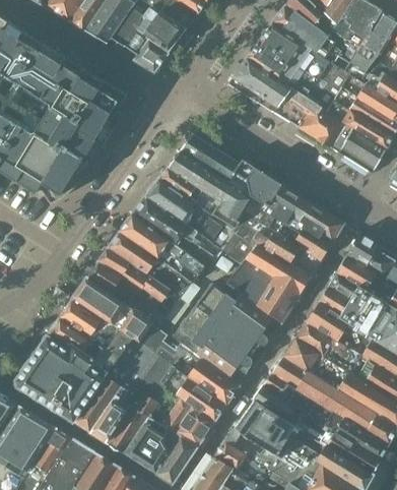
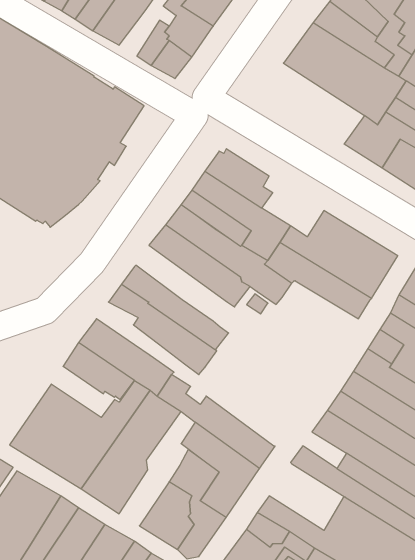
building: [106,14,140,53] -> none
building: [227,59,315,128] -> none
building: [227,156,280,207] -> none
building: [120,215,204,285] -> none
building: [225,245,310,325] -> none
building: [86,263,139,309] -> none
building: [172,284,272,386] -> none
building: [48,318,107,362] -> none
building: [106,357,171,454] -> none
building: [234,402,297,458] -> none

